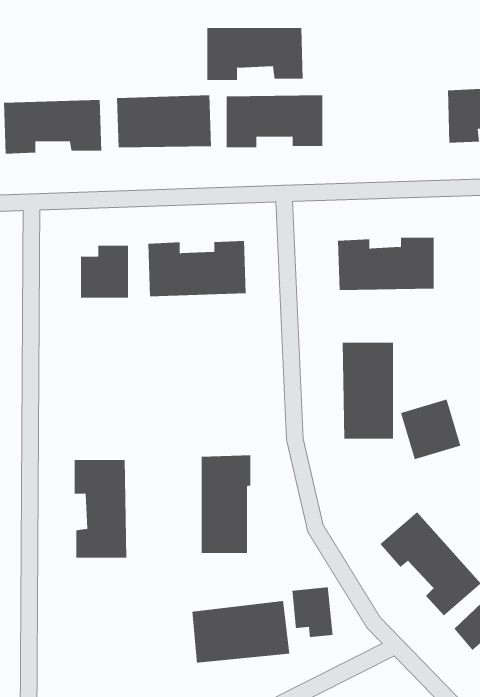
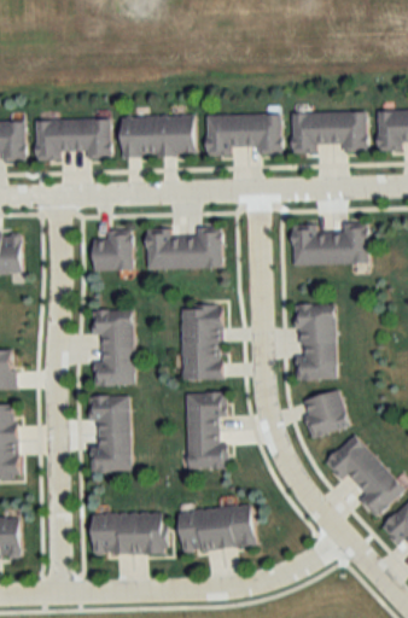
building: [206,27,304,81] -> [292,111,367,152]
building: none -> [181,304,223,379]
building: none -> [93,309,134,384]
building: [400,399,461,460] -> [302,390,349,437]
building: [292,587,333,638] -> none
building: none -> [94,513,167,554]

